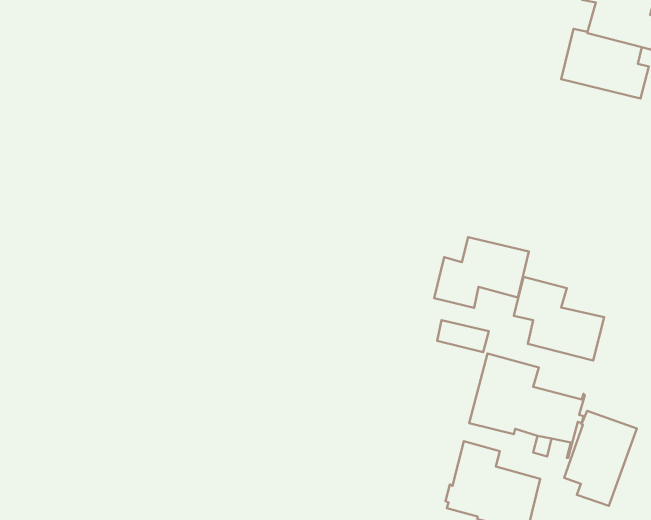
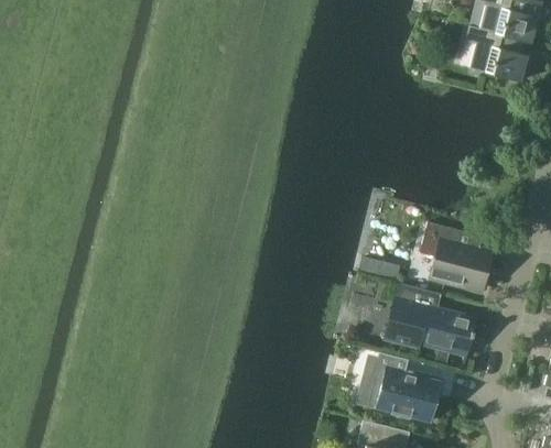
building: [434,237,529,308] -> none
building: [564,411,637,506] -> none

